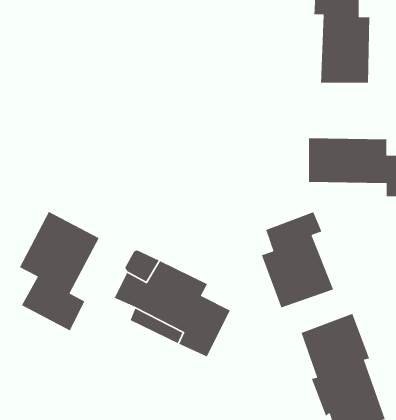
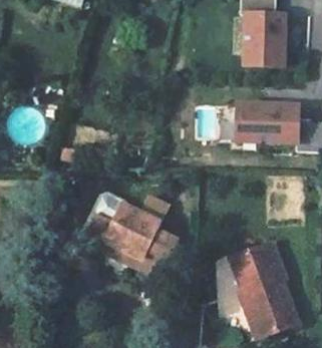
building: [19,211,100,332] -> none
building: [261,211,334,309] -> none

